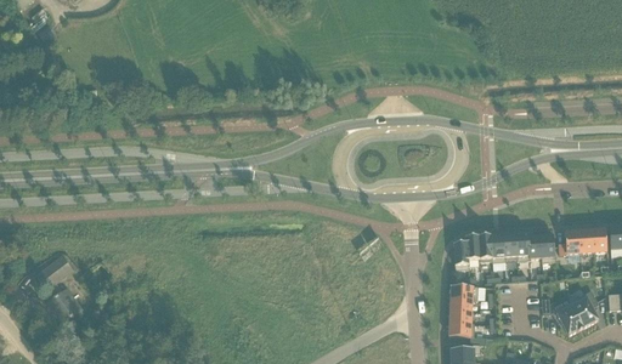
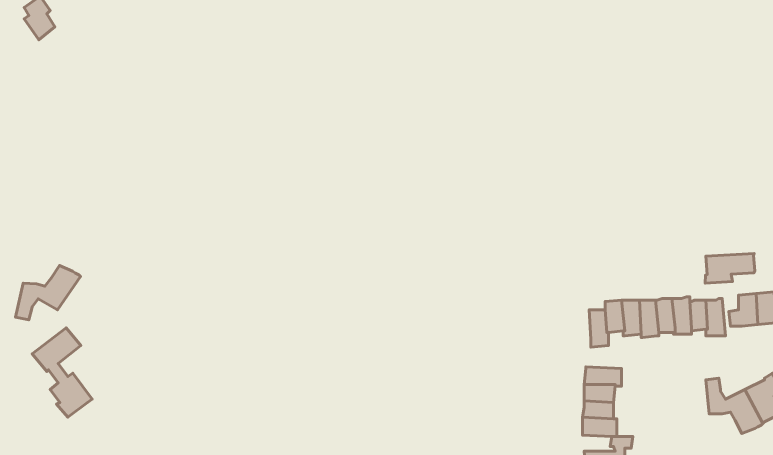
building: none -> [705,254,755,283]
building: none -> [15,266,80,320]

